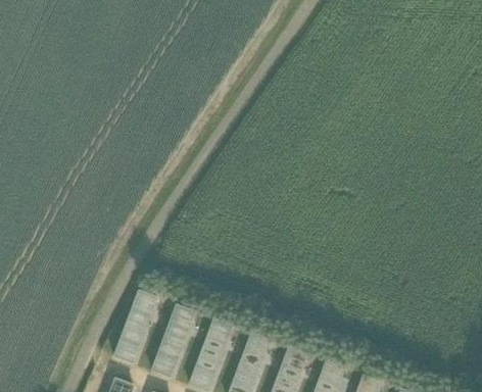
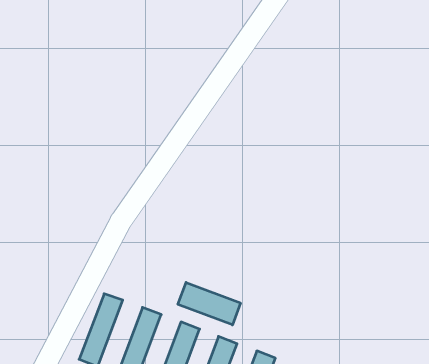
building: none -> [178,282,240,325]

